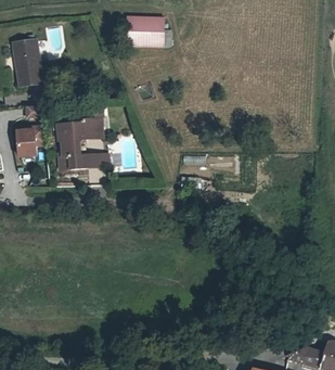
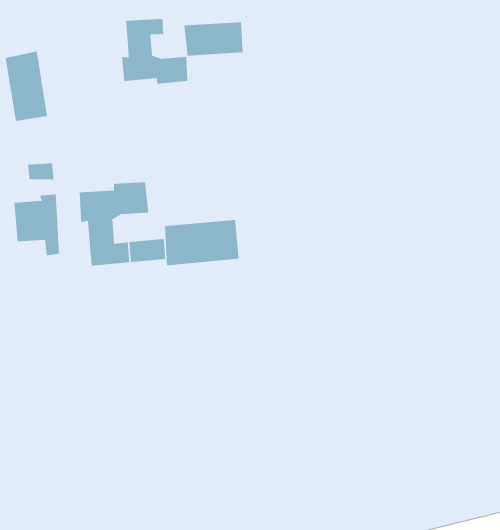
building: none -> [122,18,188,84]
building: none -> [165,219,239,266]

